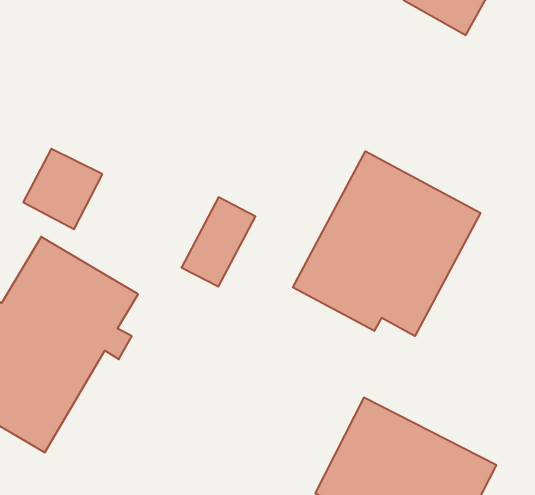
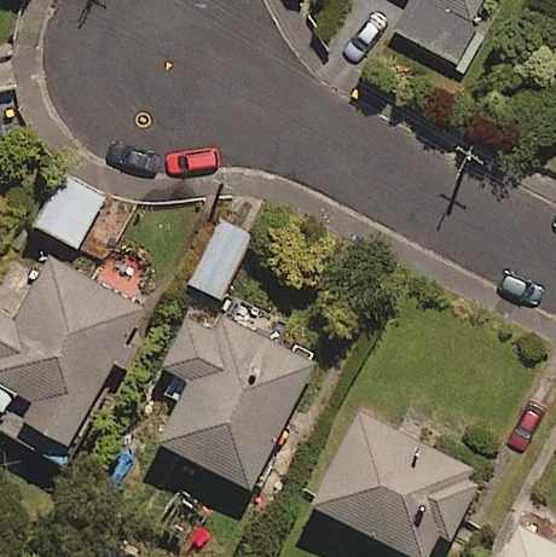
building: [293,151,480,336] -> none
building: none -> [156,311,318,491]

